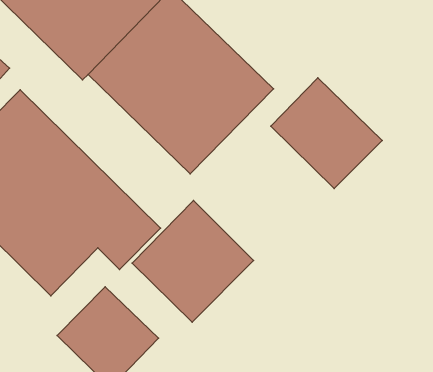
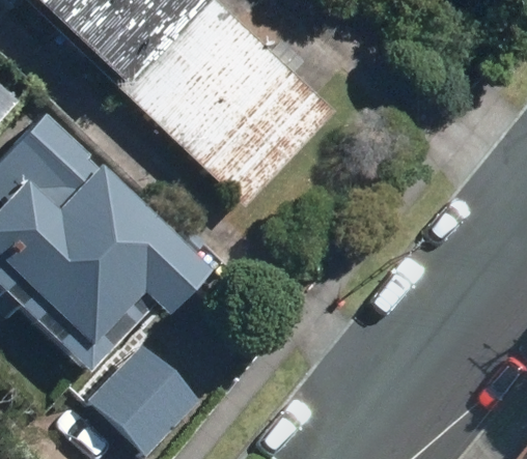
building: [271,78,382,189] -> none
building: [132,201,254,322] -> none

